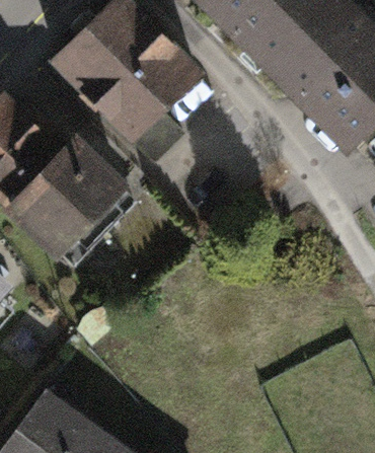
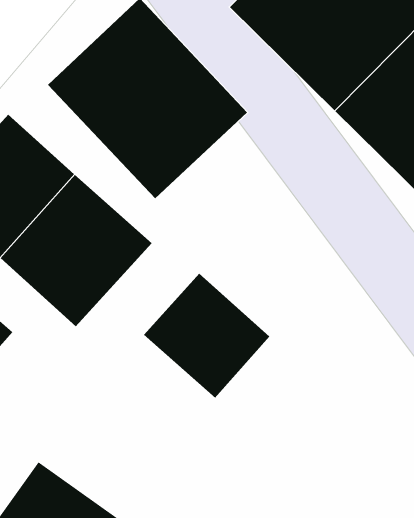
building: none -> [143,273,270,398]

